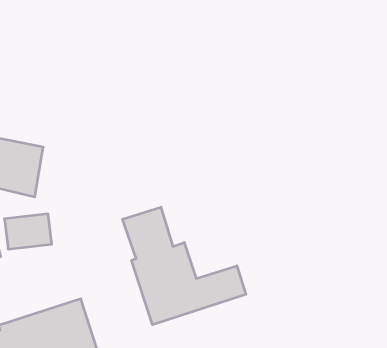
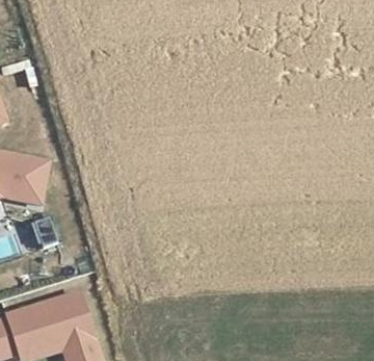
building: [123,207,246,325] -> none

